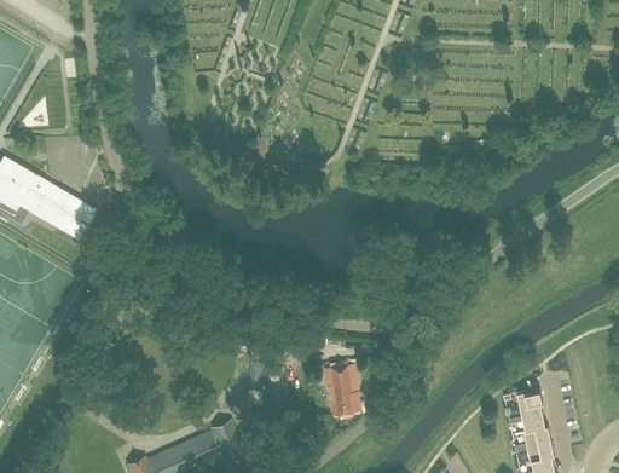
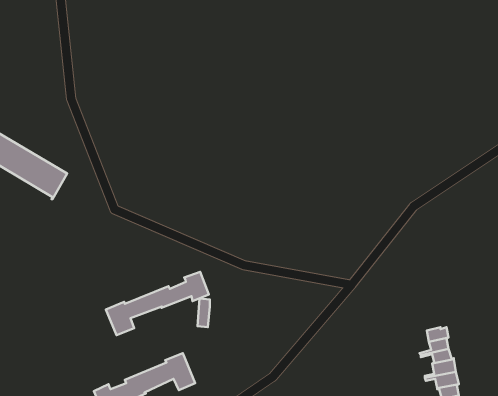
building: none -> [106,272,209,335]
building: [323,364,360,416] -> none

